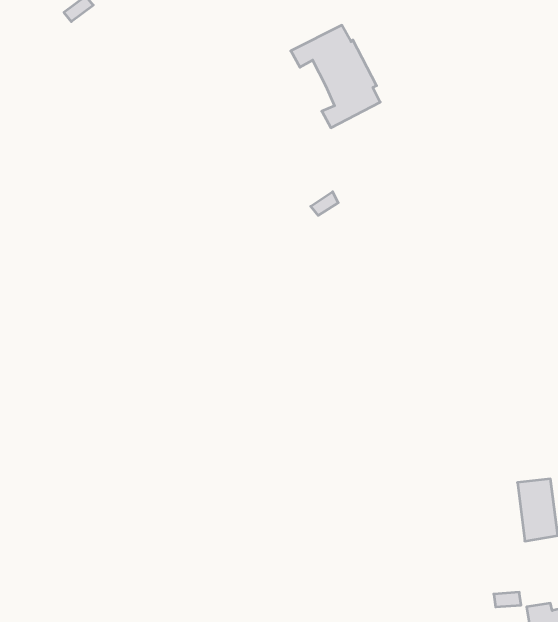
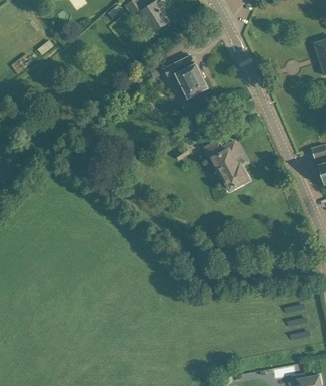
building: none -> [204,140,248,190]

